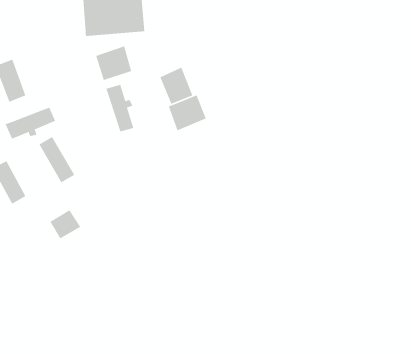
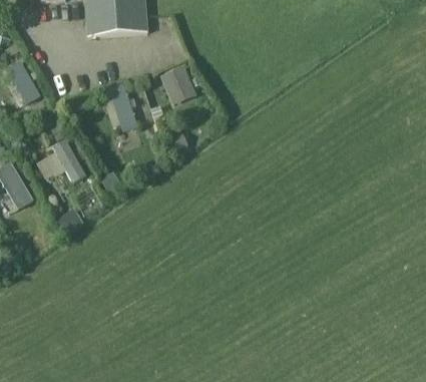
building: [95,46,132,81] -> none
building: [168,95,207,131] -> none
building: [5,107,56,139] -> none

